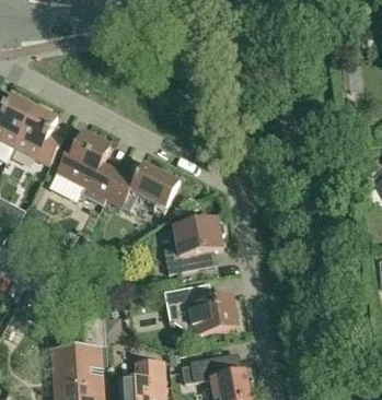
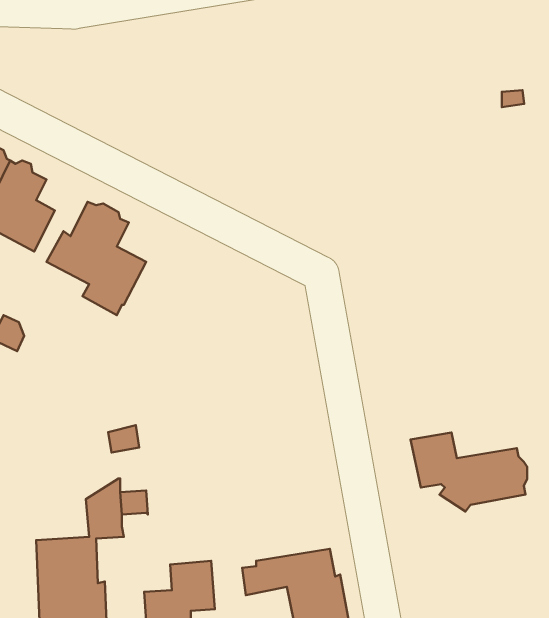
building: [106,164,180,211] -> none
building: [163,220,223,273] -> none
building: [163,287,238,338] -> [410,433,527,512]

